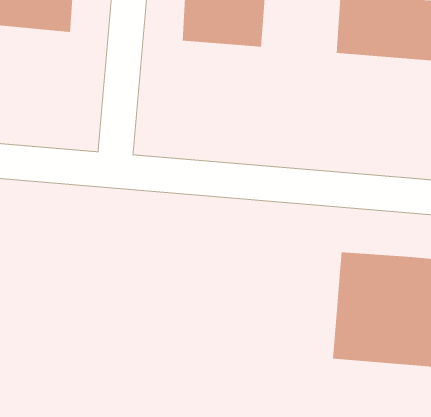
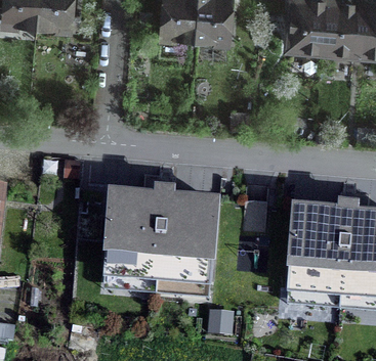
building: none -> [102,197,219,290]

